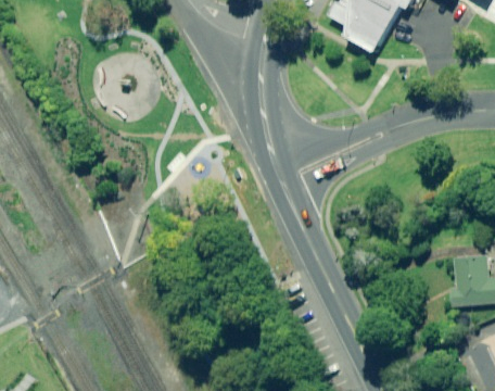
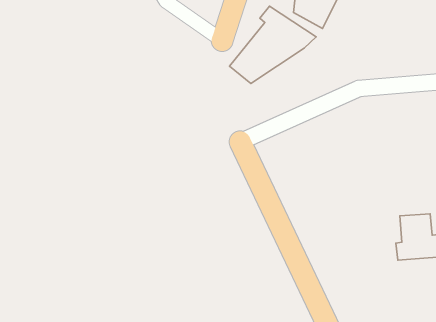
building: none -> [229,6,316,83]

